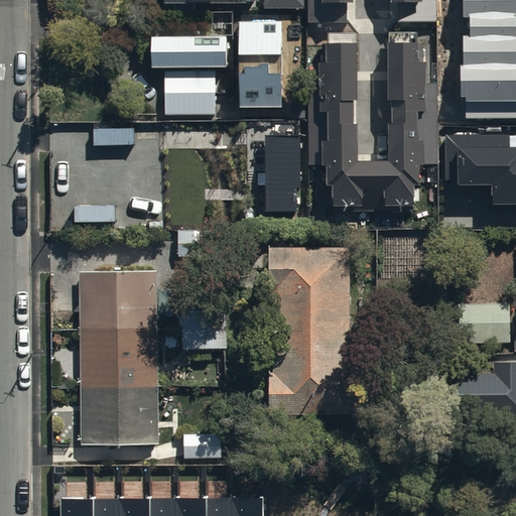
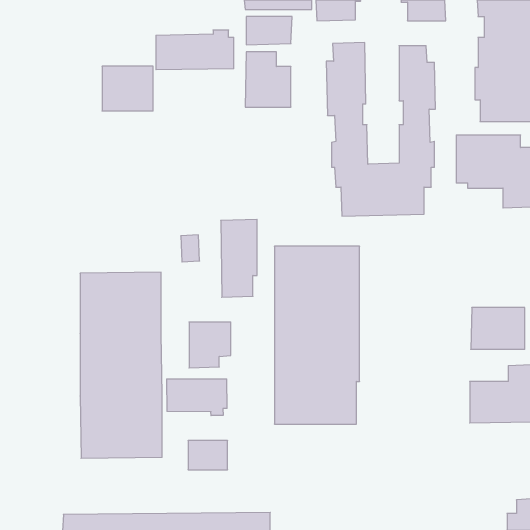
building: [166,72,216,115] -> [102,66,153,111]
building: [268,141,303,217] -> [221,219,257,297]
building: none -> [167,379,227,416]

